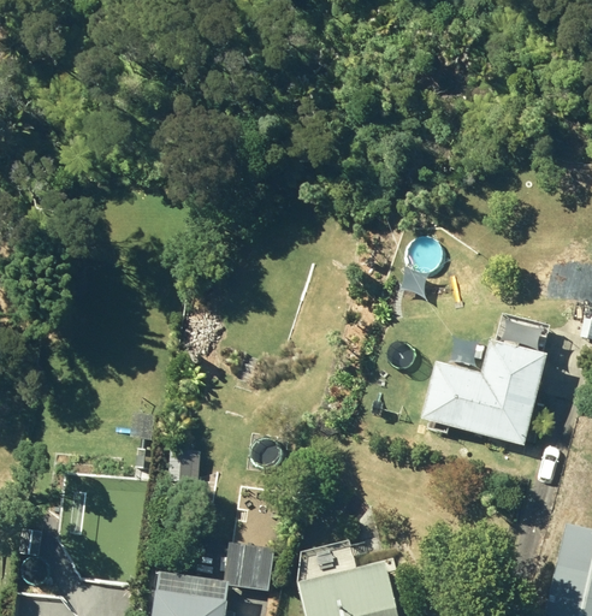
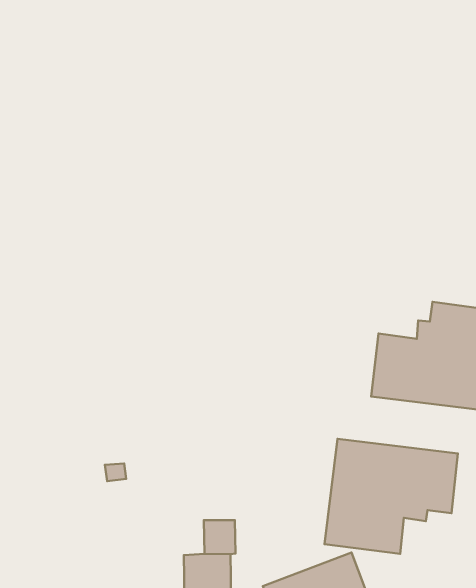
building: none -> [324,439,458,554]

